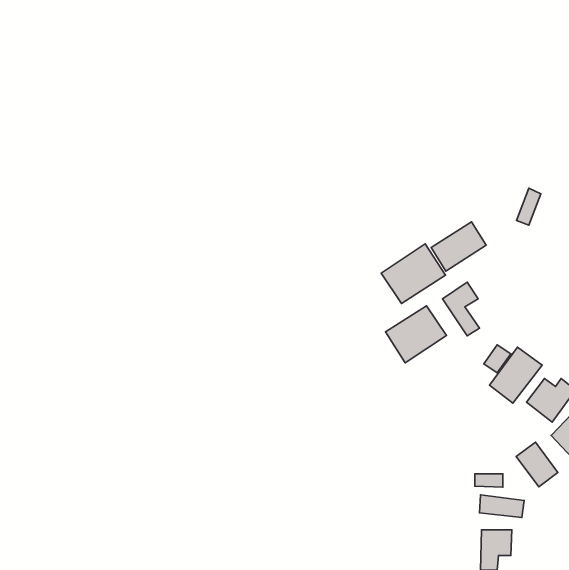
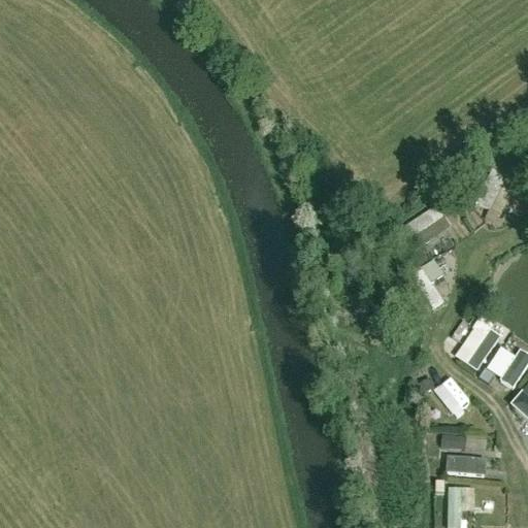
building: [381,244,445,303] -> none
building: [386,306,446,363] -> none
building: [516,442,558,487] -> [434,375,472,417]

